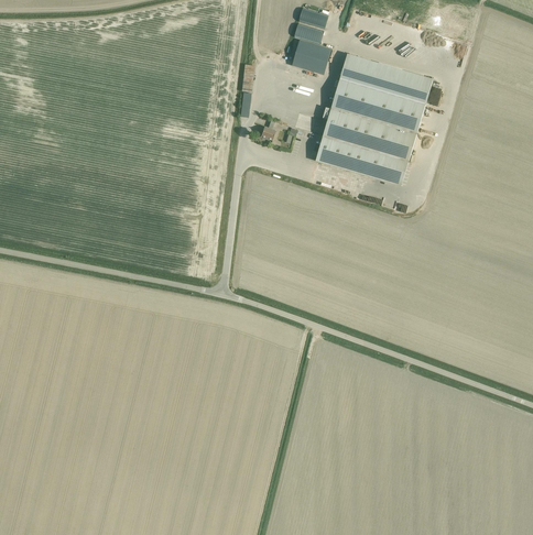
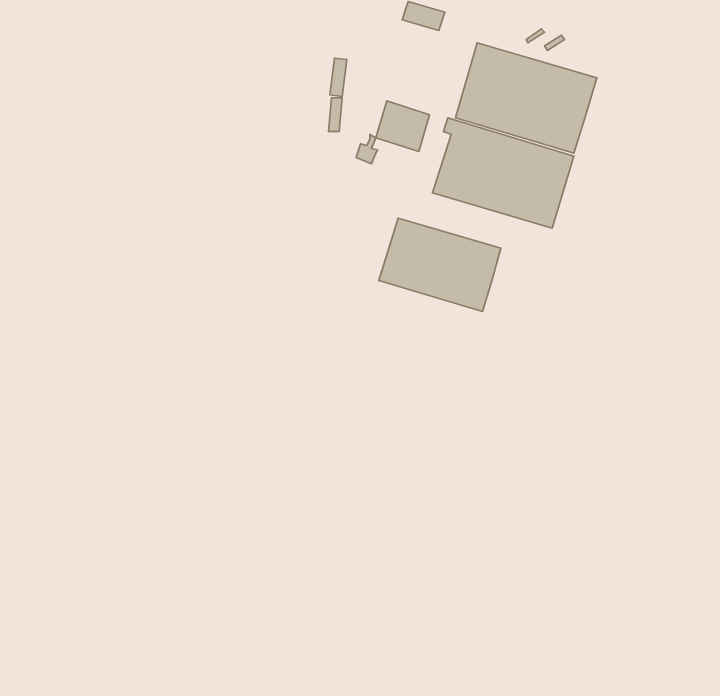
building: [292,37,330,74] -> [376,101,430,152]
building: none -> [379,218,501,311]

